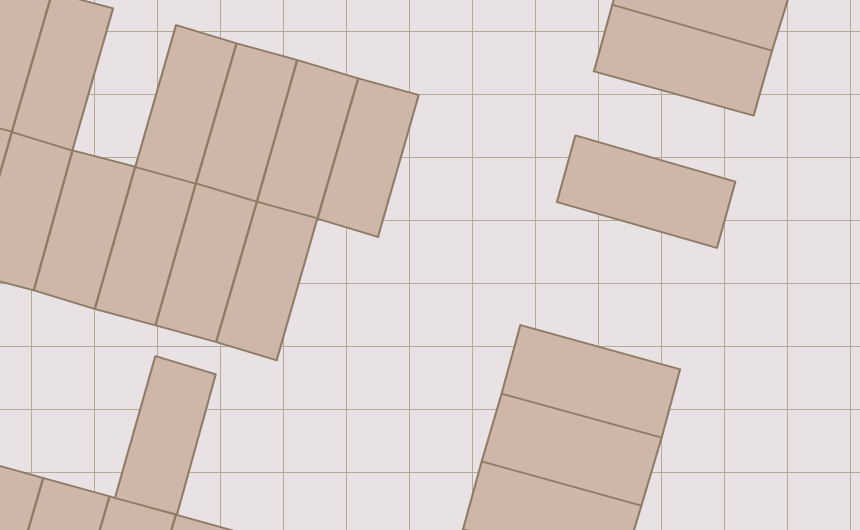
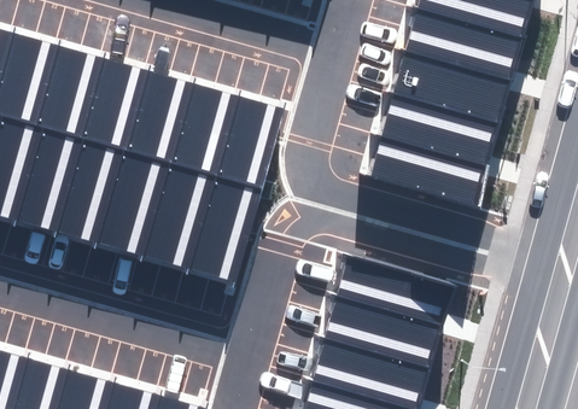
building: none -> [49,43,117,147]
building: none -> [379,84,496,157]
building: [115,356,216,515] -> [183,181,250,285]

